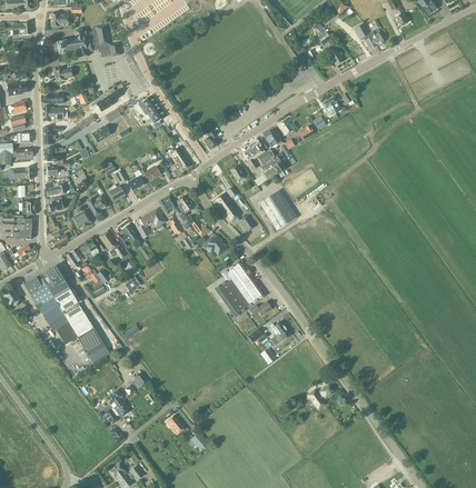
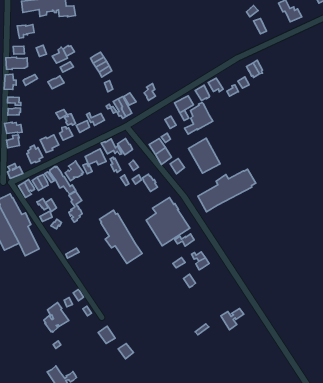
building: none -> [198,169,256,212]
building: none -> [99,210,142,263]
building: [77,327,110,365] -> none

